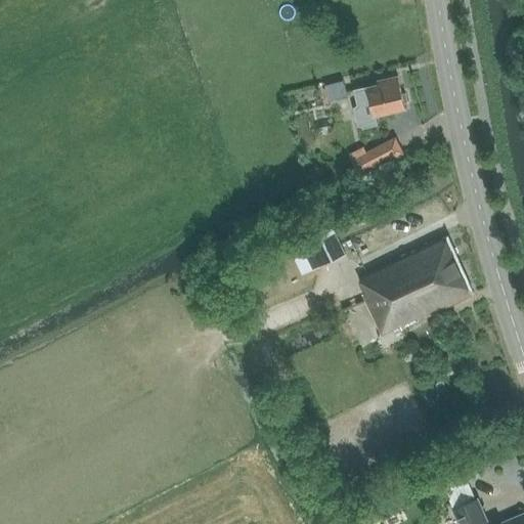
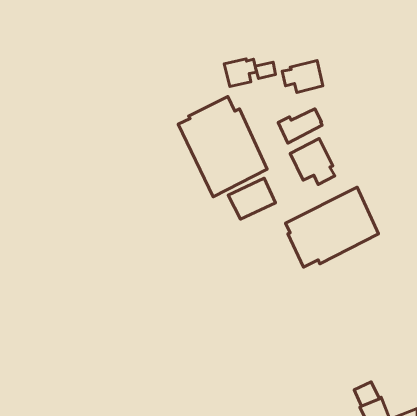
building: none -> [224,59,257,86]
building: none -> [178,96,267,197]
building: none -> [290,139,335,185]

